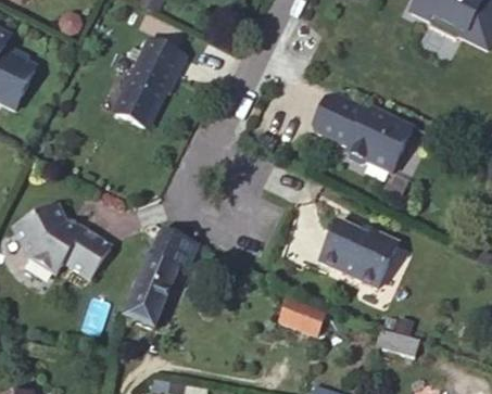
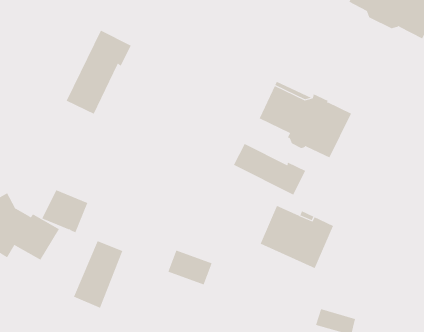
building: none -> [233,143,306,196]
building: [148,226,197,271] -> [41,189,88,233]
building: [279,297,326,334] -> [168,250,212,285]

